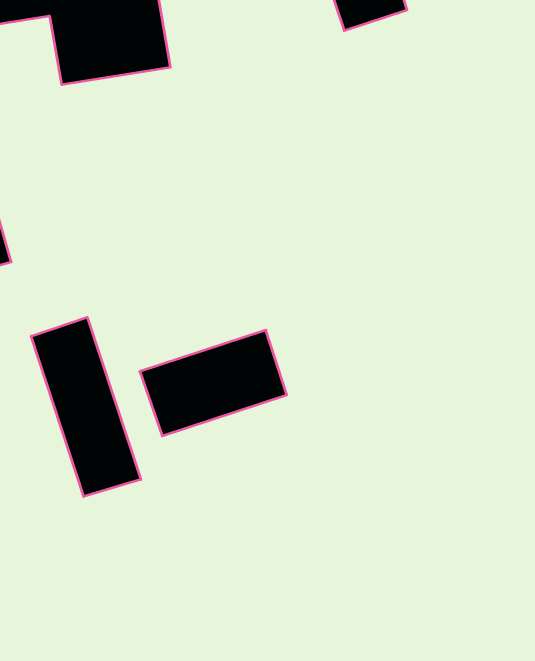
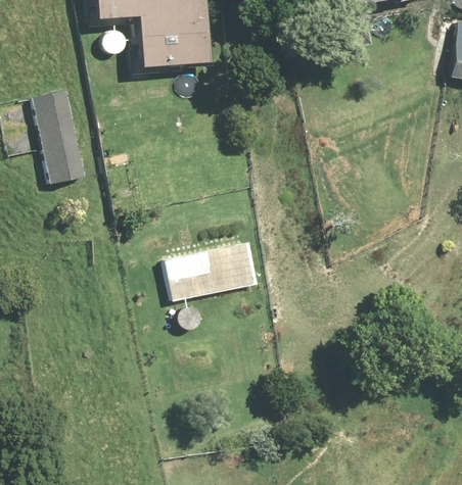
building: [31,317,141,497] -> none

